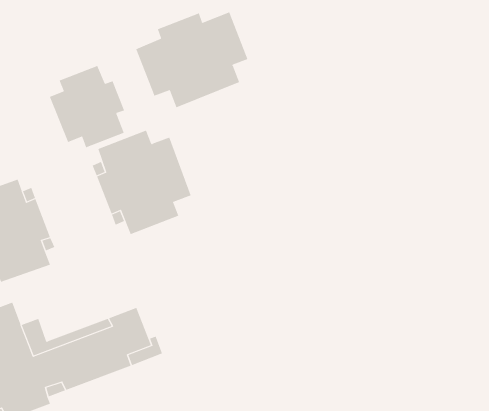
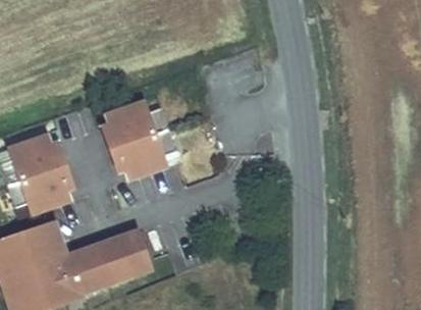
building: [136,12,248,108] -> none
building: [49,65,125,148] -> none

